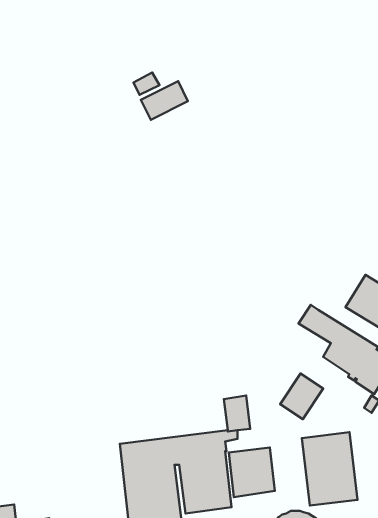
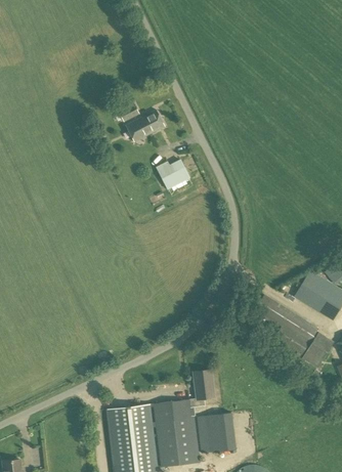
building: none -> [155,160,188,189]
building: [280,373,323,419] -> none
building: [302,432,357,506] -> none

